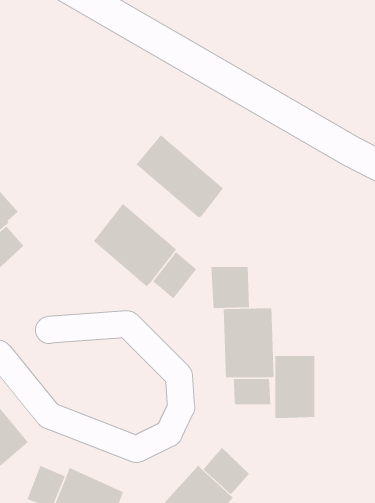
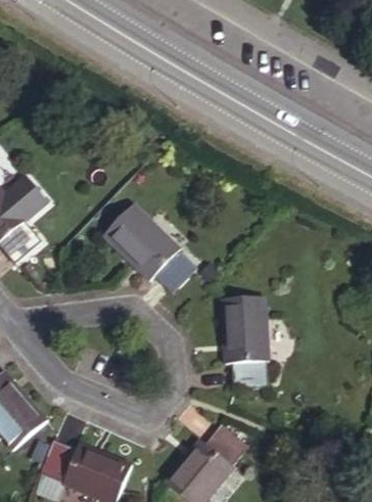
building: [136,134,224,219] -> none
building: [210,266,250,309] -> none
building: [274,355,315,419] -> none

